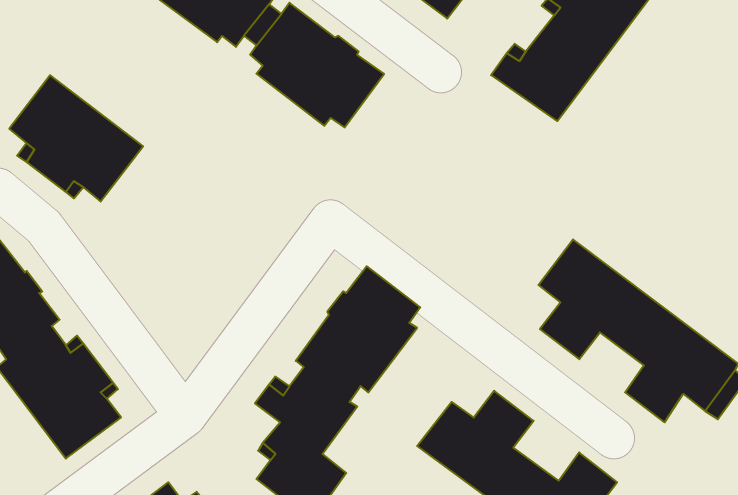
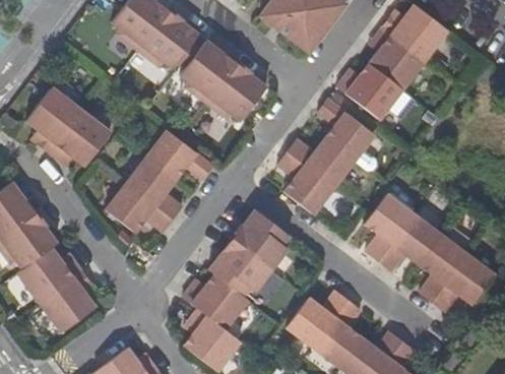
building: none -> [278,99,375,214]
building: none -> [106,130,214,234]

